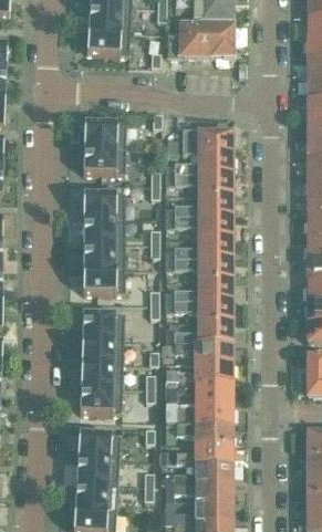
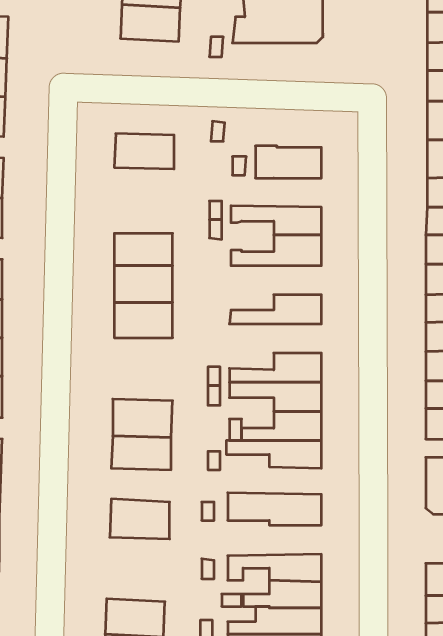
building: [83,146,126,174] -> none
building: [167,154,232,175] -> none
building: [167,217,232,238] -> none
building: [166,259,232,280] -> none
building: [83,269,126,292] -> none
building: [165,362,232,382] -> none
building: [81,363,124,387] -> none
building: [166,404,232,426] -> none
building: [77,432,122,459] -> none

